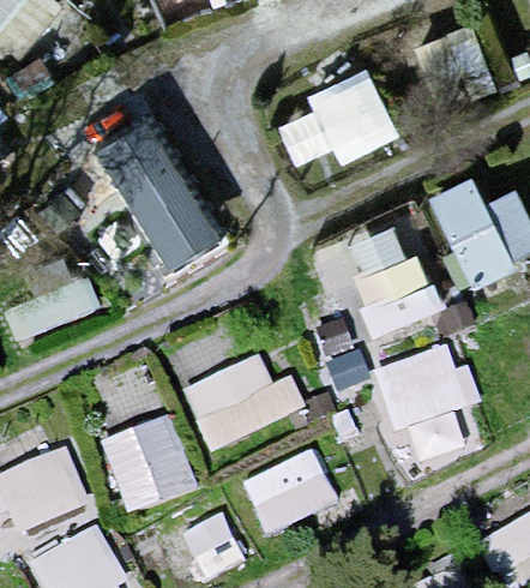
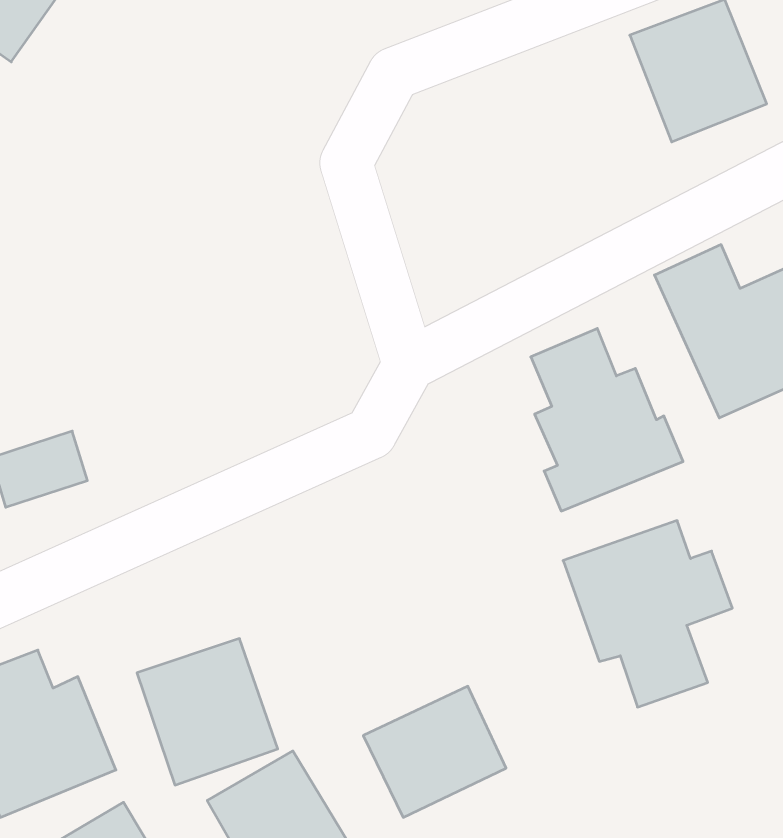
building: [307,64,400,160] -> none
building: [100,107,222,269] -> none
building: [181,358,303,451] -> none

